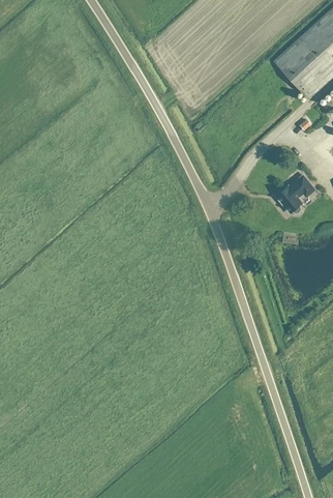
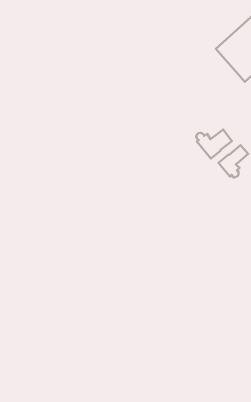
building: none -> [196,129,232,159]

